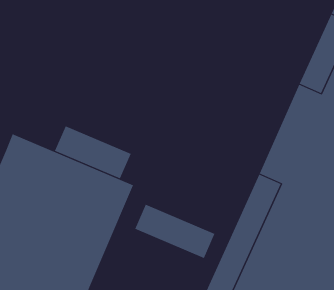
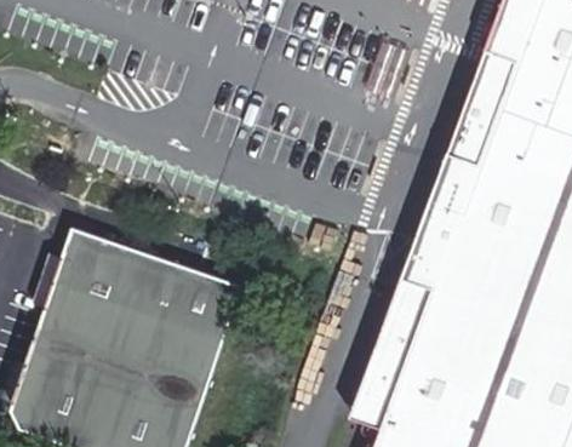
building: [54,125,131,179] -> none
building: [134,204,215,259] -> none

